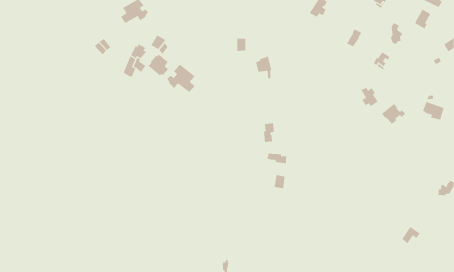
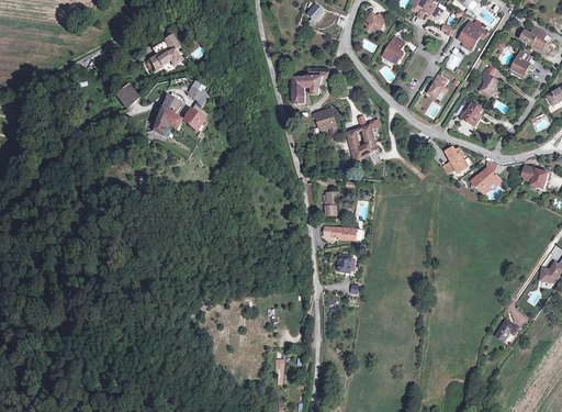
building: none -> [292,71,323,94]
building: [167,64,196,93] -> none
building: none -> [347,126,381,165]

